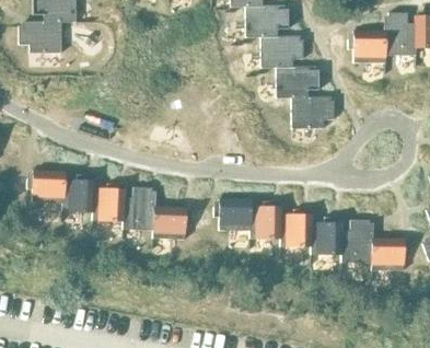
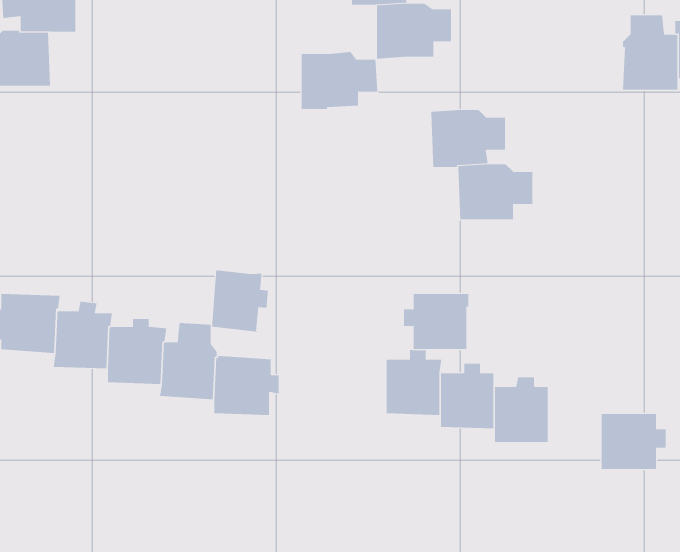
building: [348,28,385,61] -> none
building: [260,34,304,67] -> [301,51,378,110]
building: none -> [212,269,269,333]
building: [214,197,252,229] -> [403,293,469,350]
building: [342,218,373,262] -> none

